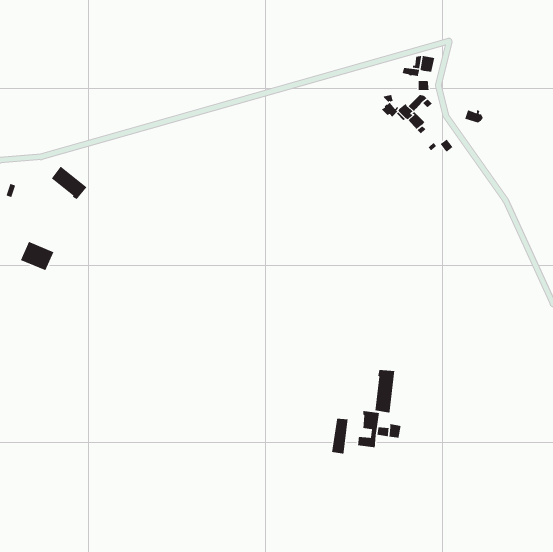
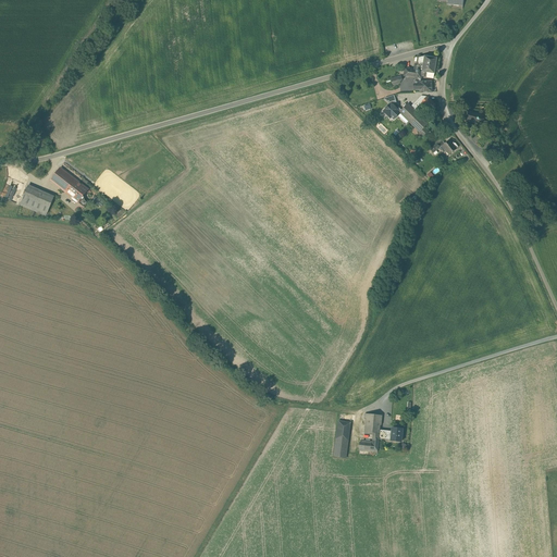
building: [20,241,54,271] -> [20,184,54,214]
building: [374,369,395,413] -> none

